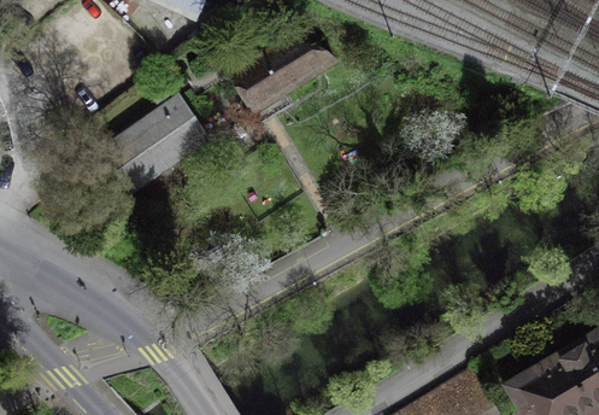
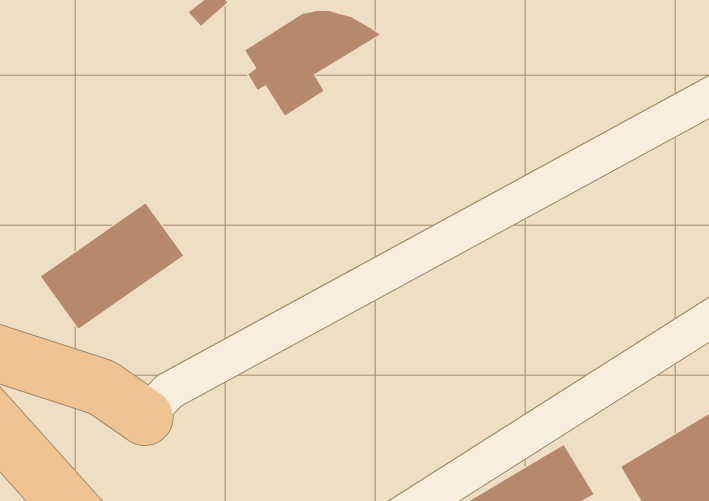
building: [99,97,207,192] -> [40,203,184,329]

